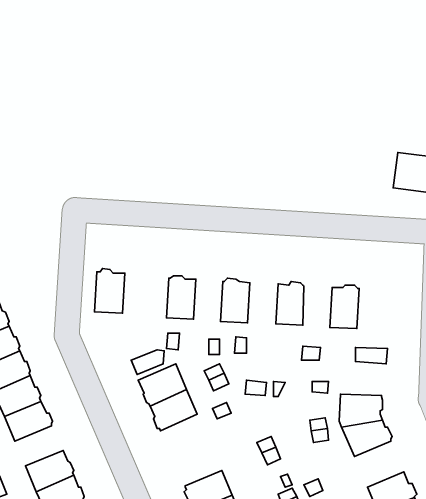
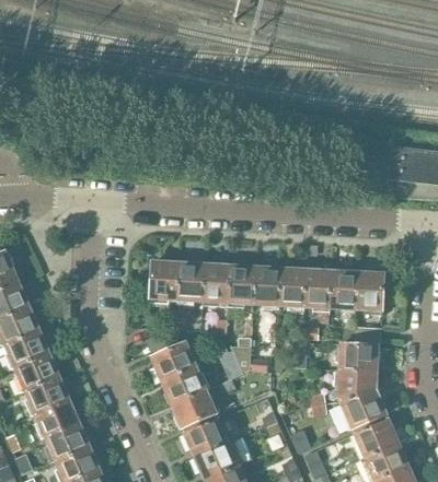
building: [94,268,125,313] -> [150,259,178,301]
building: none -> [201,262,229,304]
building: none -> [252,266,280,306]
building: none -> [303,269,331,309]
building: none -> [354,271,383,311]
building: none -> [338,345,380,373]
building: none -> [171,390,216,430]
building: none -> [35,401,80,438]
building: none -> [183,420,228,457]
building: none -> [354,420,399,458]

